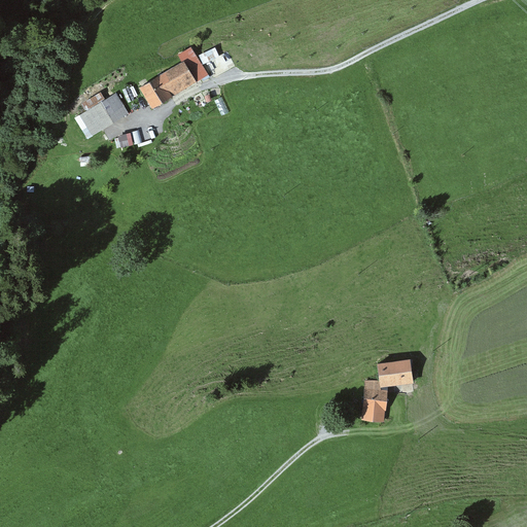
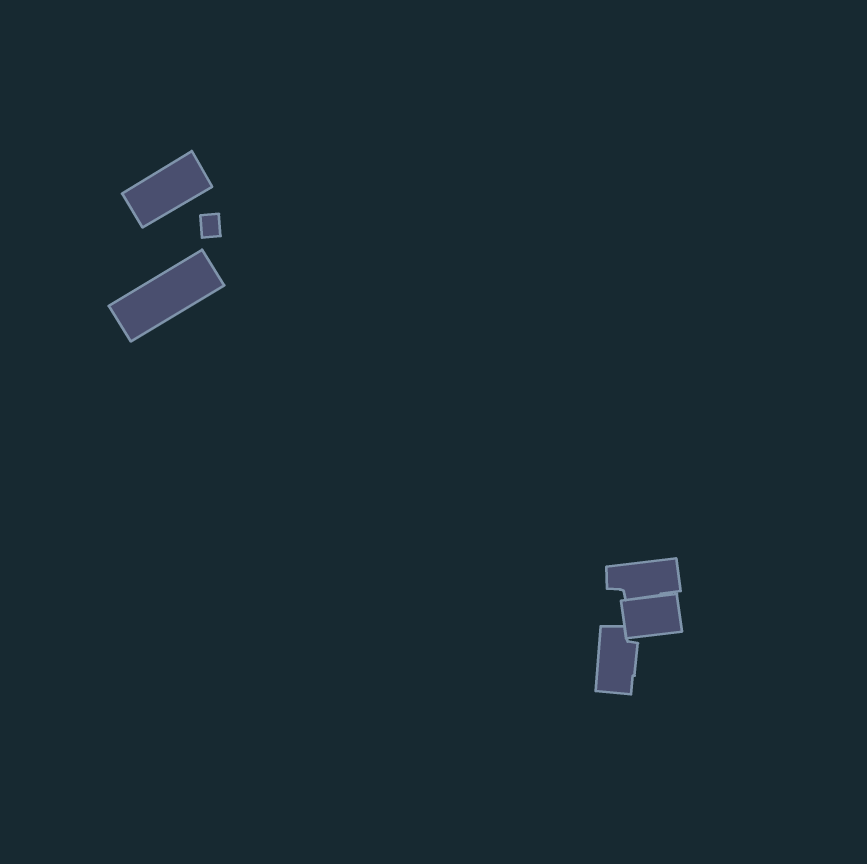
building: [138,54,208,109] -> [109,250,224,341]
building: none -> [607,558,681,600]

